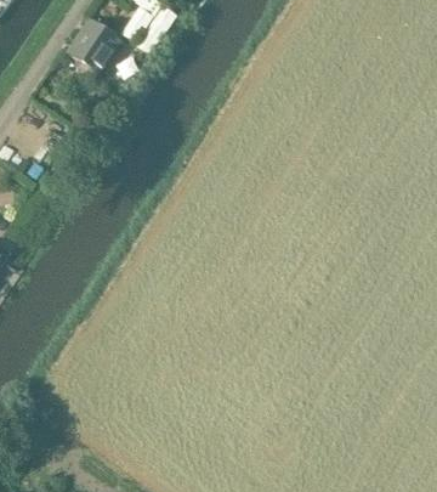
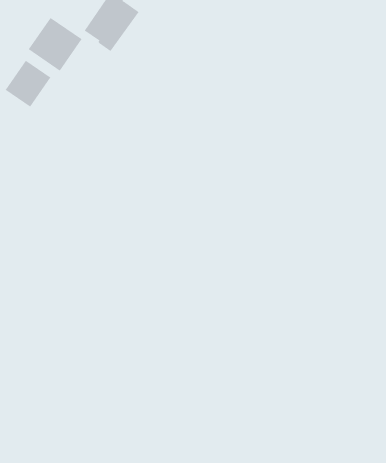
building: none -> [5,60,51,107]

